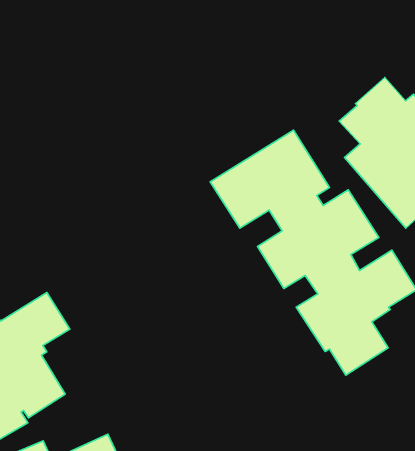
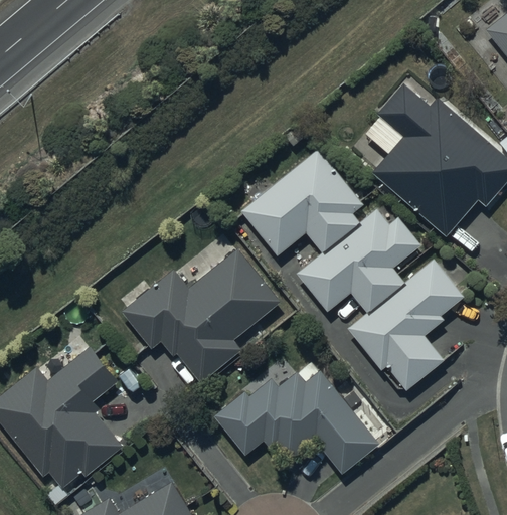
building: none -> [121,249,279,380]
building: none -> [213,371,378,473]

